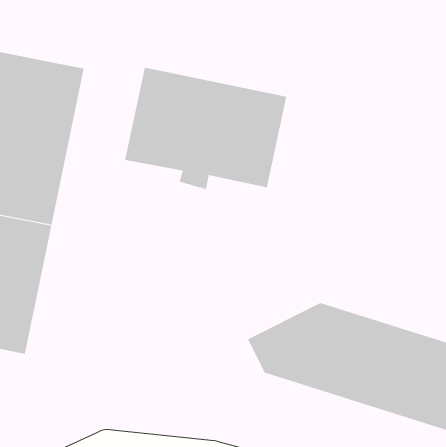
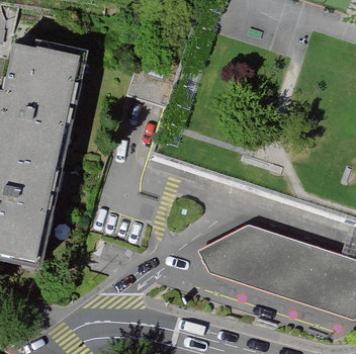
building: [124,67,287,190] -> none

